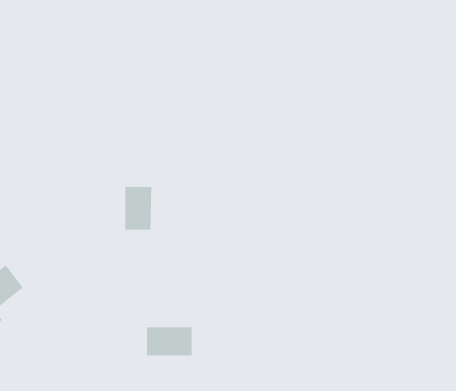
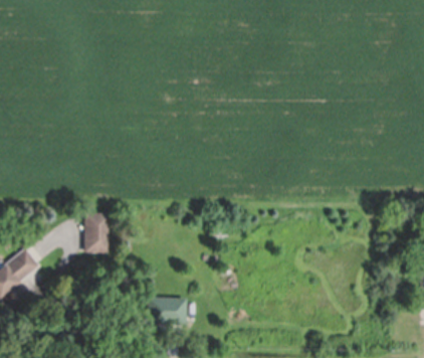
building: [124,186,152,230] -> [84,213,109,251]

